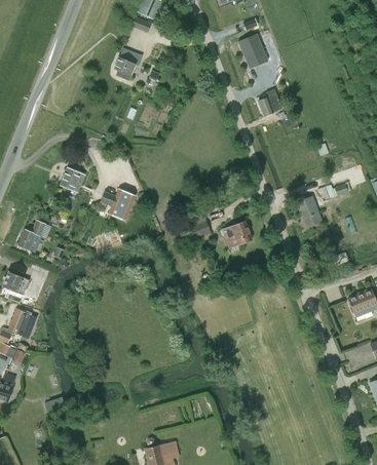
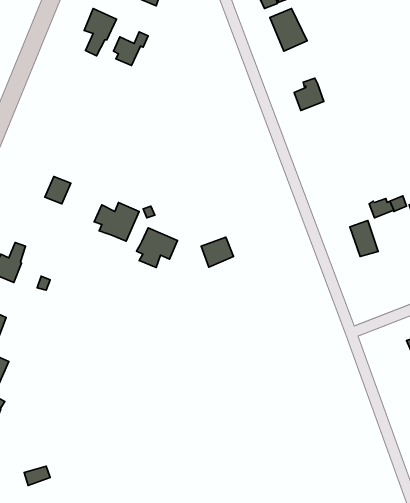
building: none -> [84,9,117,56]
building: none -> [137,228,178,268]
building: [222,222,252,247] -> none

